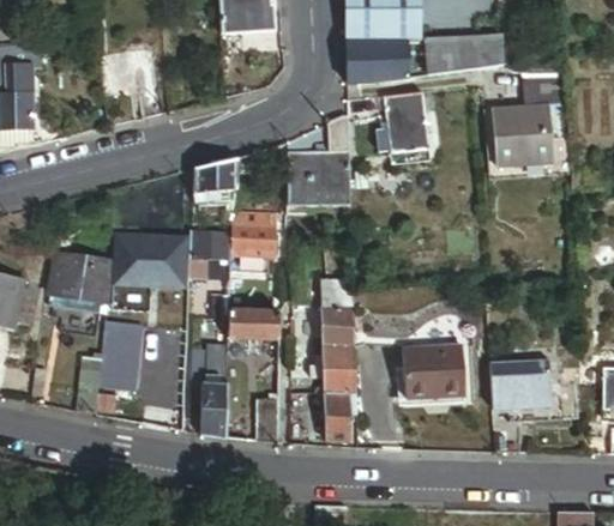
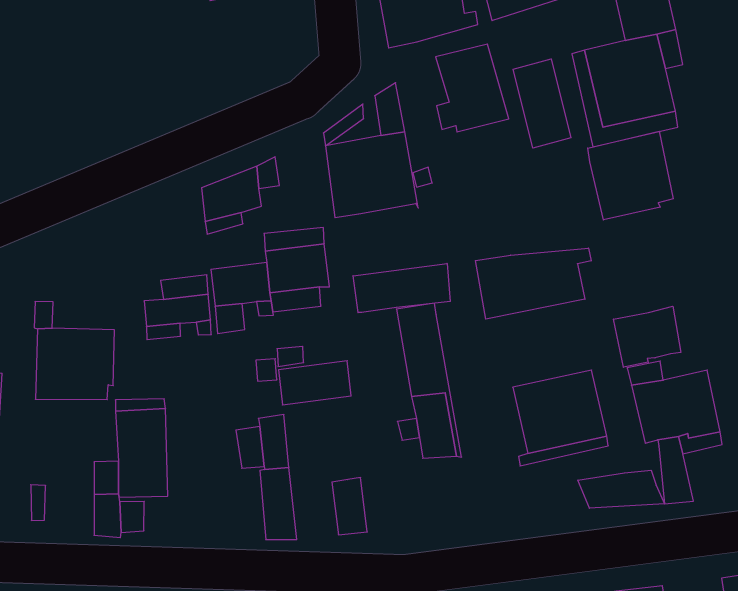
building: none -> [513,59,571,148]
building: none -> [588,131,673,220]
building: none -> [353,263,450,313]
building: none -> [475,248,591,319]
building: none -> [614,306,681,367]
building: [326,391,353,441] -> none
building: none -> [578,470,664,508]

